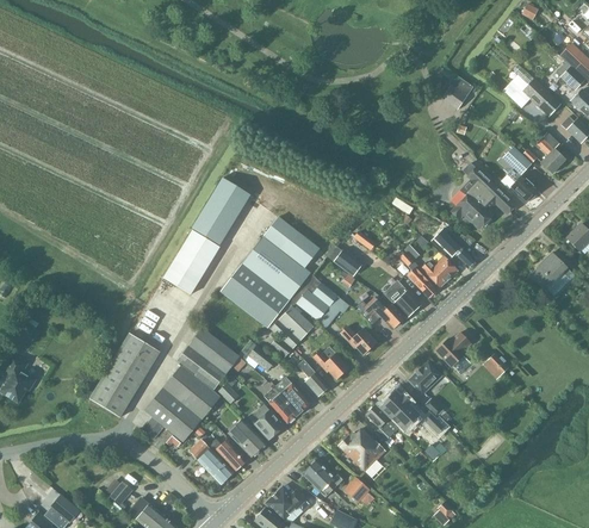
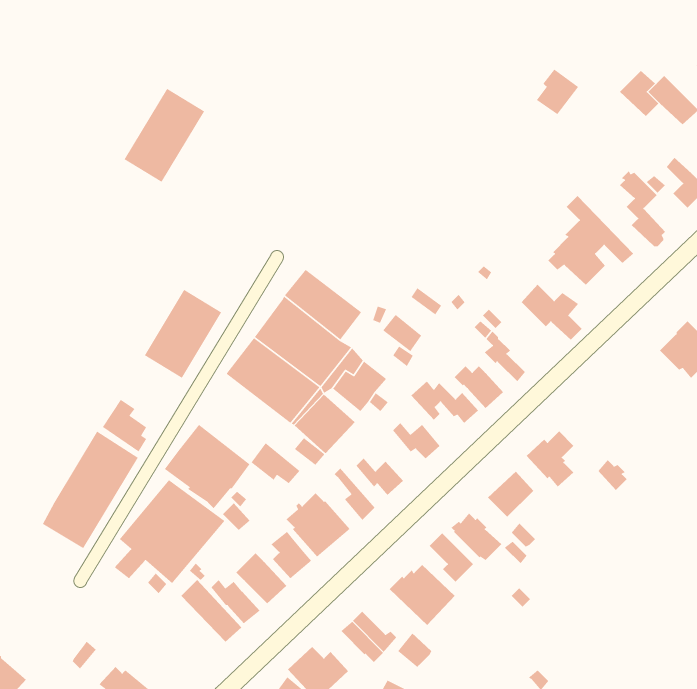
building: [191,178,249,246] -> [124,88,205,183]
building: [421,253,457,287] -> none

